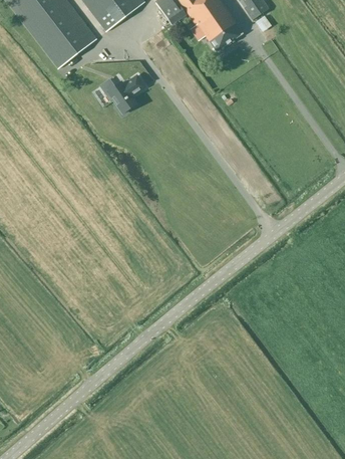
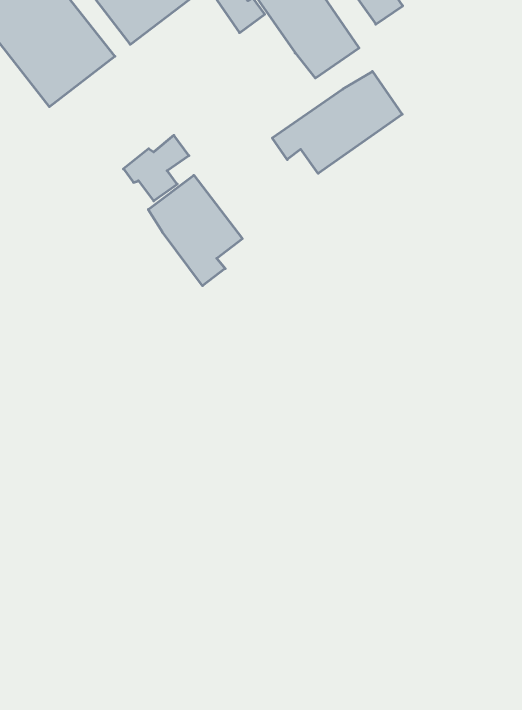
building: none -> [272,71,402,173]
building: none -> [148,175,242,286]

